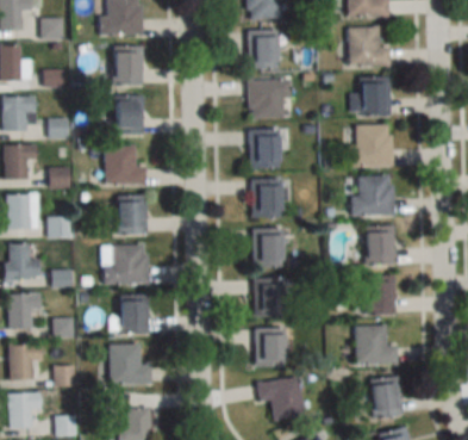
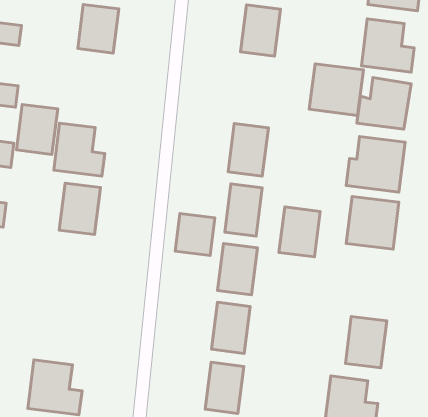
building: [249,79,289,117] -> [309,64,363,115]
building: [114,95,144,134] -> [16,104,58,154]
building: none -> [175,213,215,256]
building: [364,225,394,264] -> [279,207,320,257]
building: [104,244,149,284] -> none
building: [119,296,149,333] -> none

